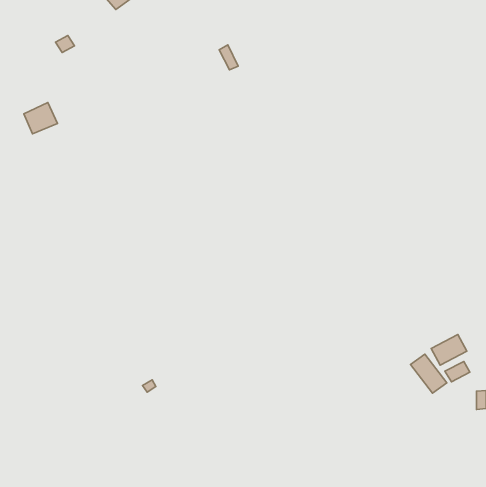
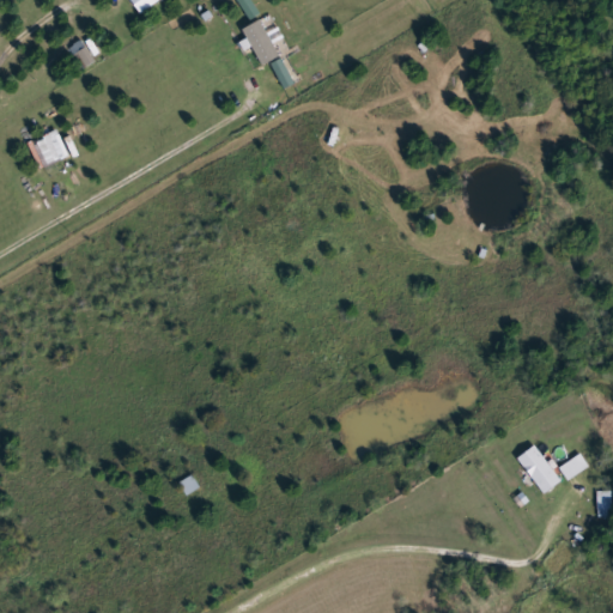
building: none -> [242,18,284,65]
building: [431,335,467,365] -> none

